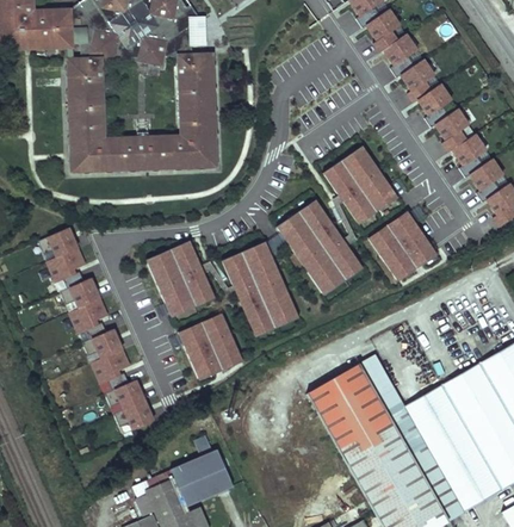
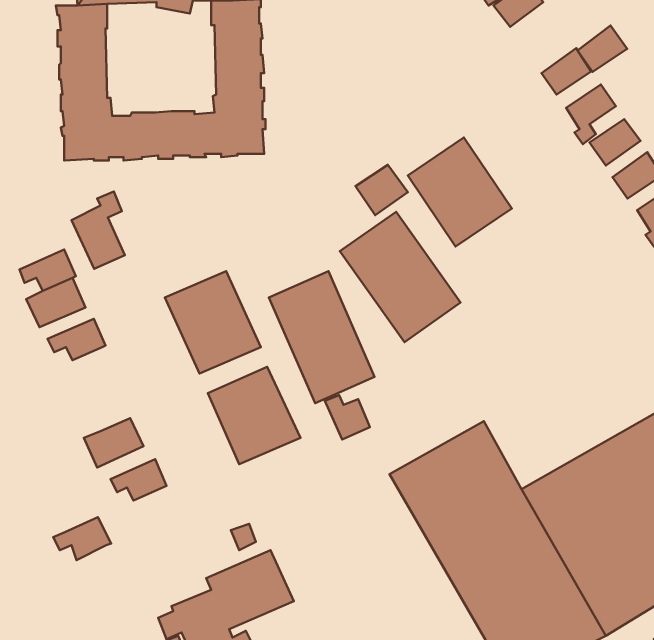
building: [402,61,438,94] -> [578,26,627,72]
building: none -> [356,165,408,215]
building: none -> [72,191,125,269]
building: [366,216,436,287] -> none
building: [67,302,110,337] -> none
building: [82,331,123,362] -> none
building: none -> [325,395,370,439]
building: [114,402,156,433] -> [53,517,111,560]

